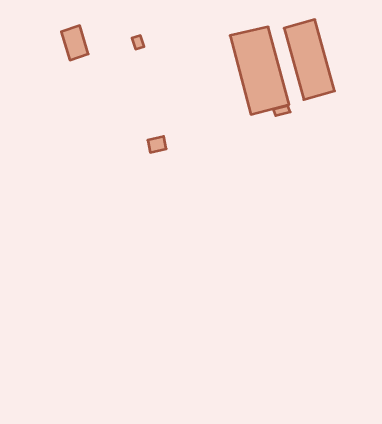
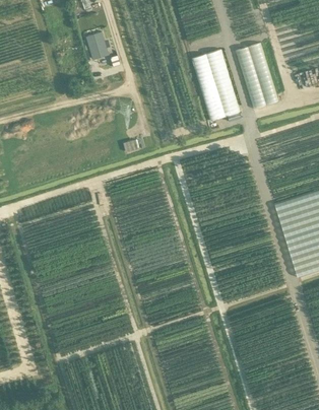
building: [61,26,88,60] -> [85,31,108,60]

